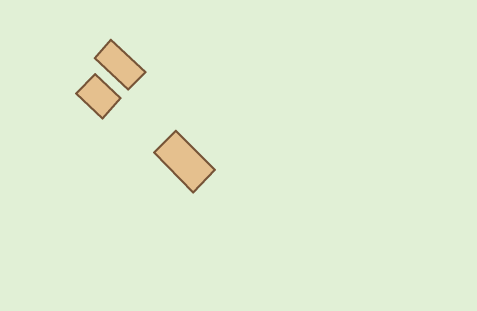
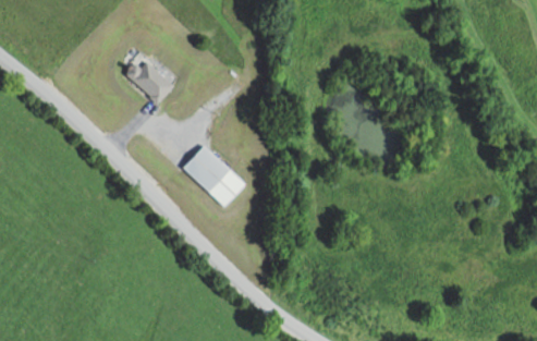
building: [76,74,121,118] -> none

